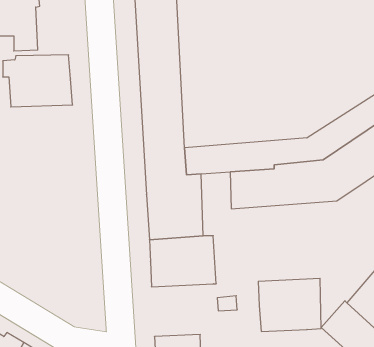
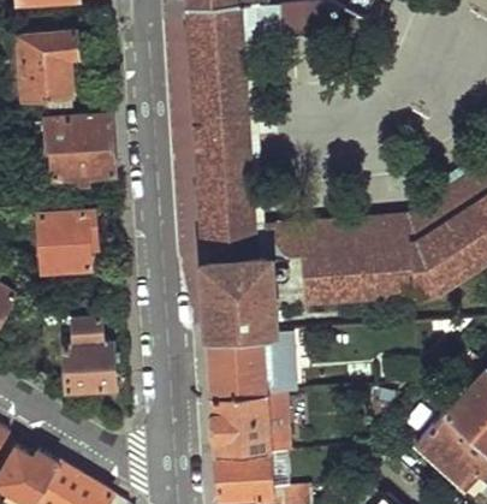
building: none -> [37,213,97,272]
building: none -> [65,321,113,393]
building: [258,278,321,331] -> [212,392,287,456]

